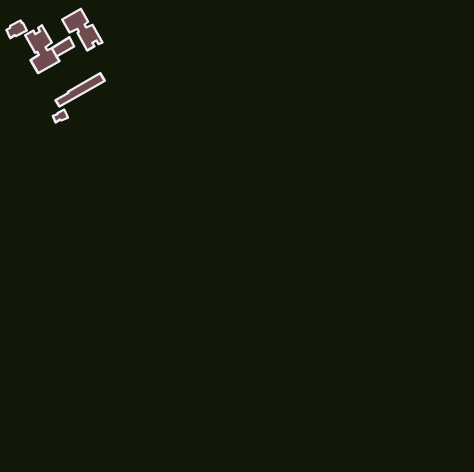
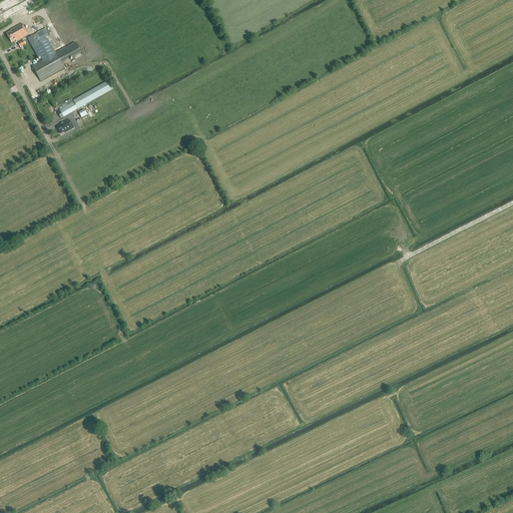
building: [62,9,102,50] -> none

